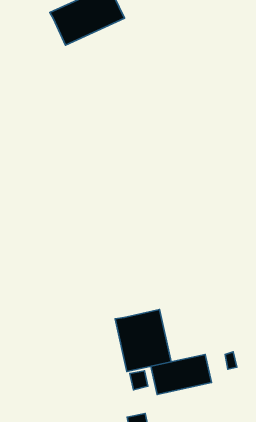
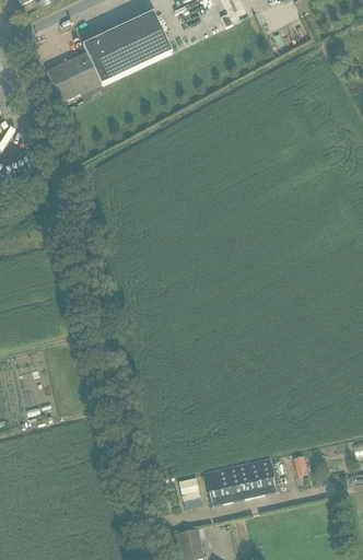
building: none -> [45,51,99,101]
building: [115,309,171,371] -> none

